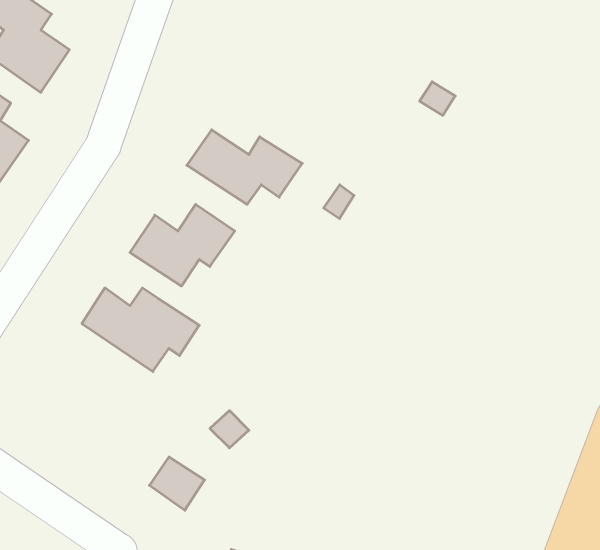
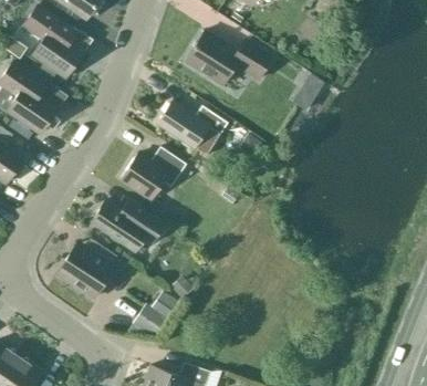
building: none -> [185,30,273,86]
building: none -> [58,239,116,298]

